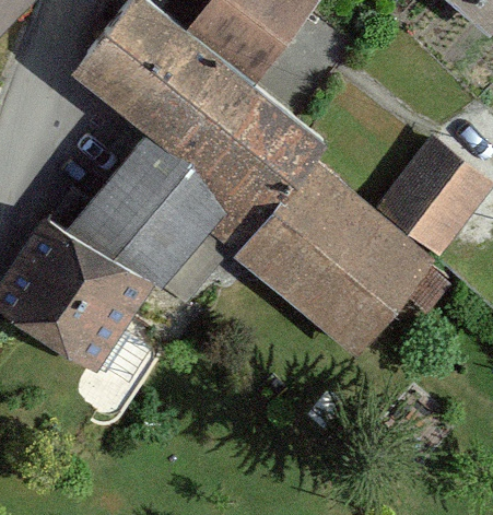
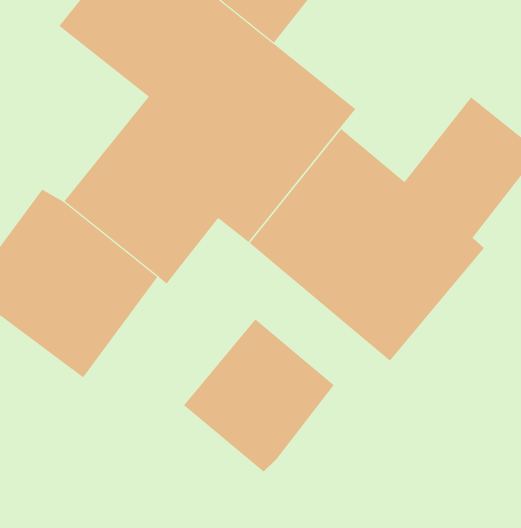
building: none -> [183,318,335,472]

